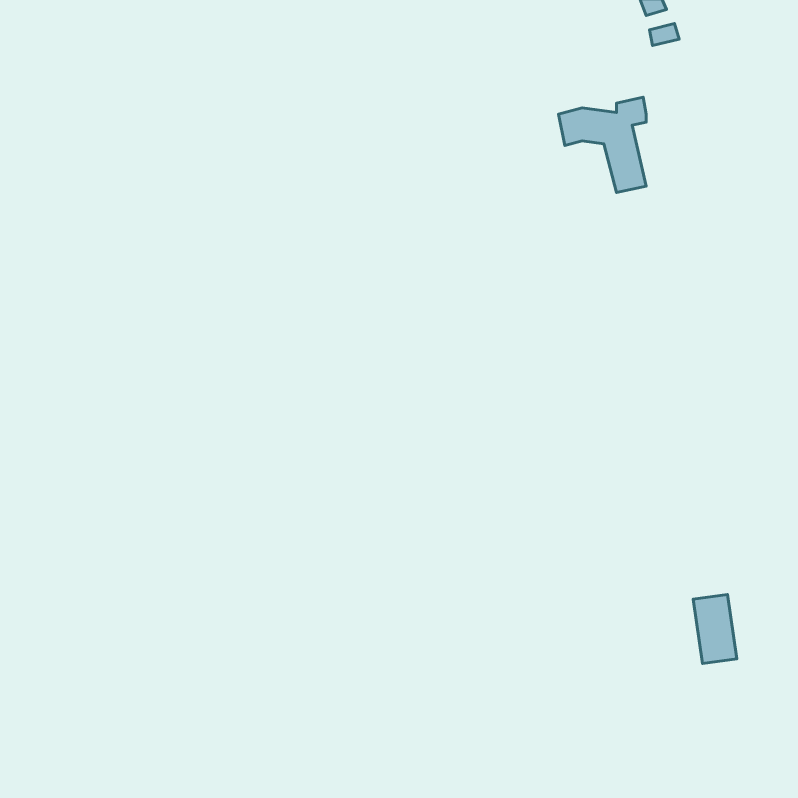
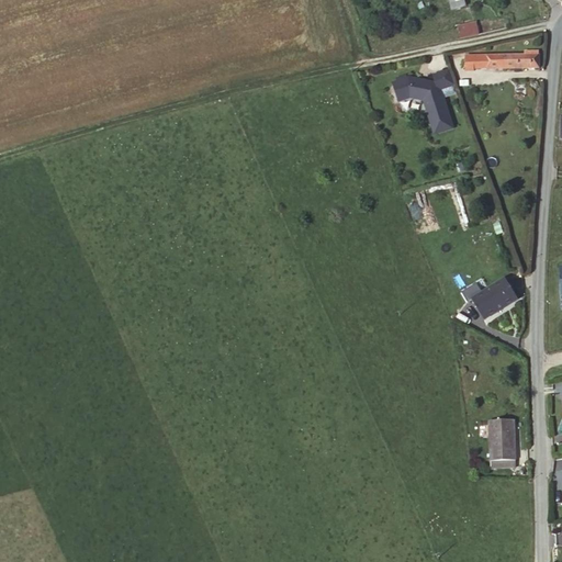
building: none -> [479,48,531,69]
building: none -> [471,277,517,317]

